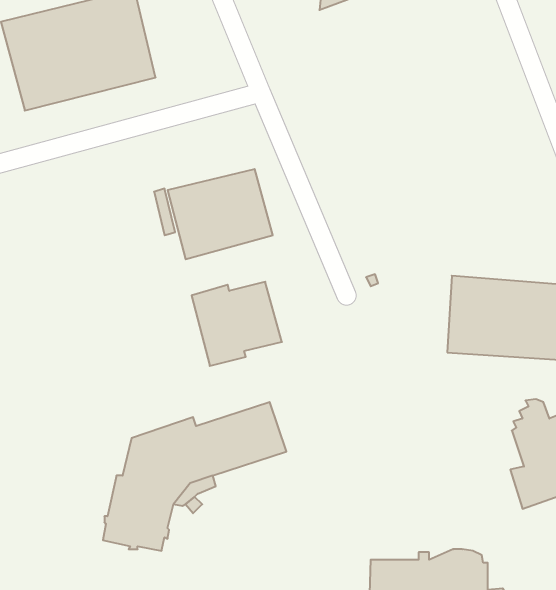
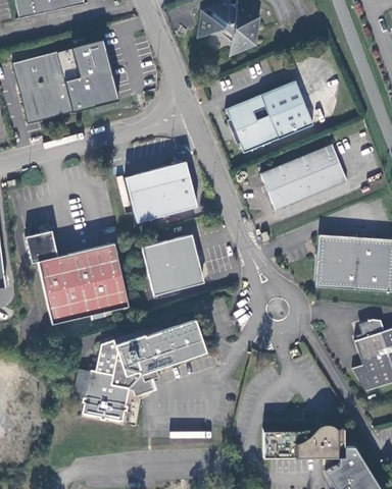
building: none -> [226,80,312,152]
building: none -> [260,144,346,210]
building: none -> [26,230,129,323]

